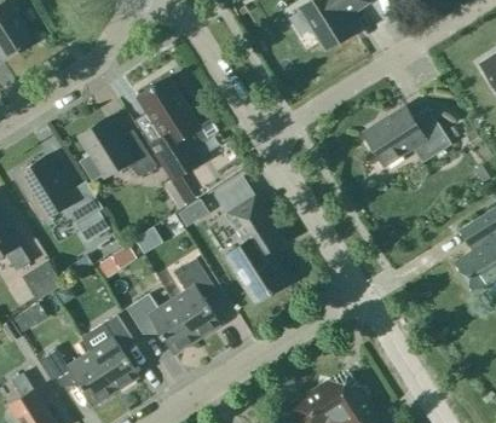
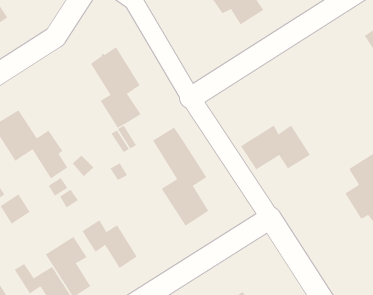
building: [363,106,451,163] -> [240,125,311,170]
building: [77,117,156,181] -> none
building: [171,257,220,338] -> none

